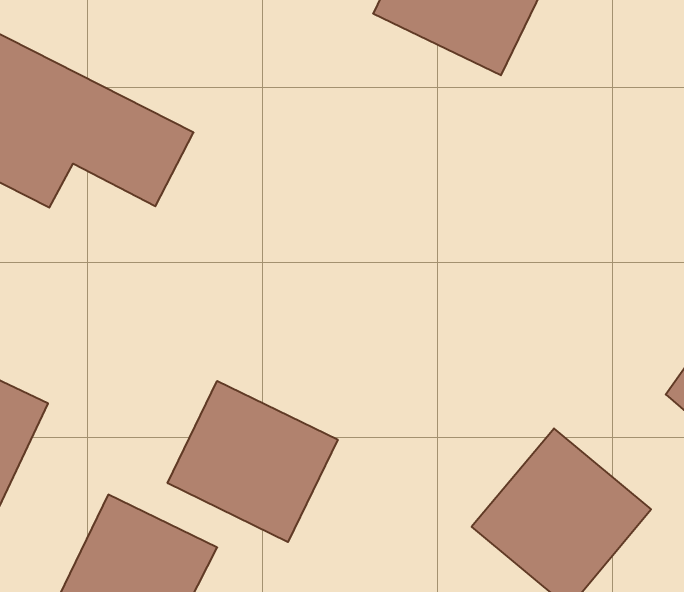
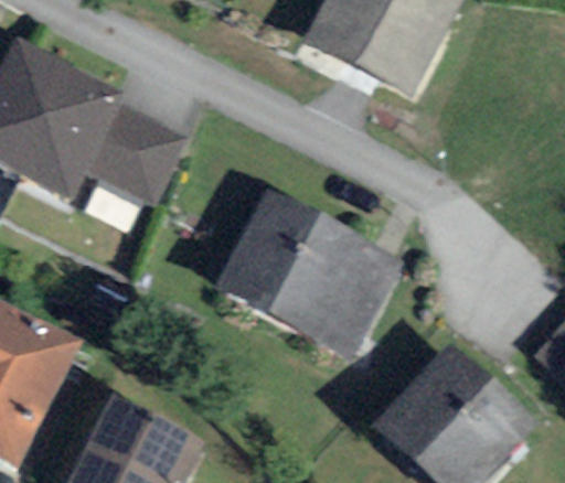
building: none -> [226,202,385,344]
building: [168,381,338,542] -> none

